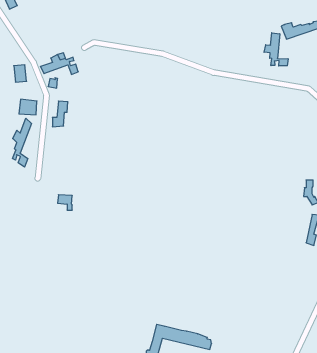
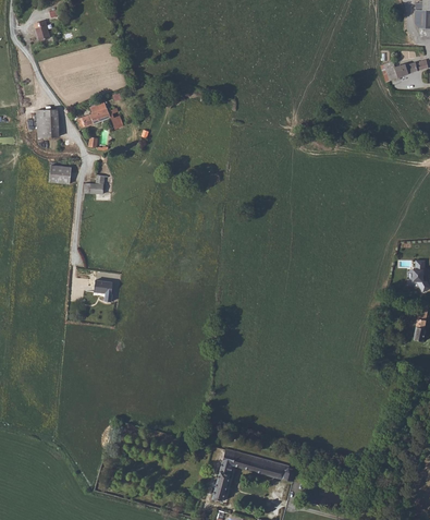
building: [264,33,288,66] -> none
building: [13,118,31,167] -> none

